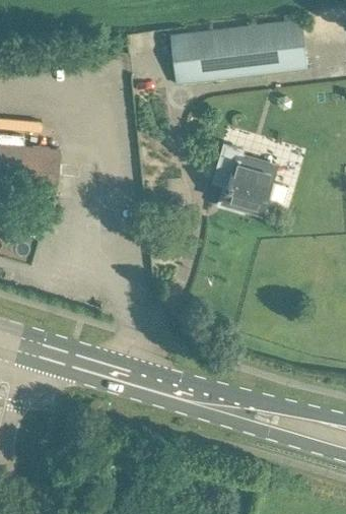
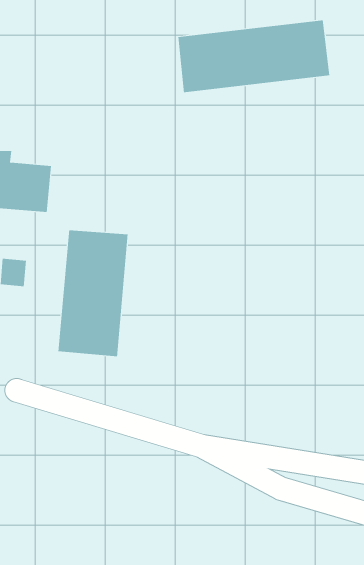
building: [215,145,287,211] -> none
building: none -> [58,229,128,357]

